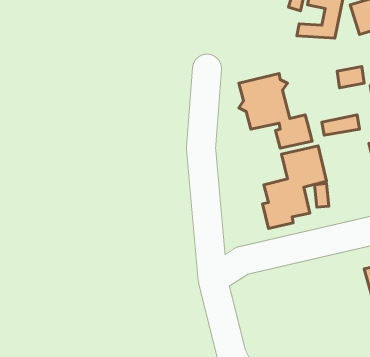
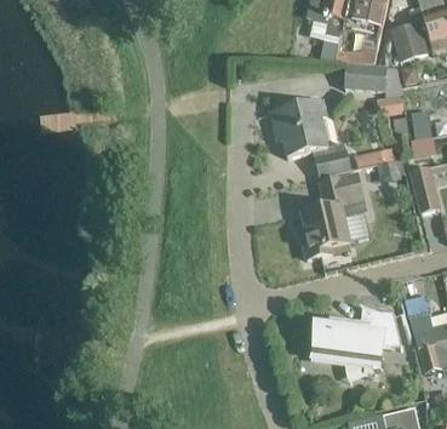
building: none -> [344,63,386,90]
building: none -> [314,304,402,373]

